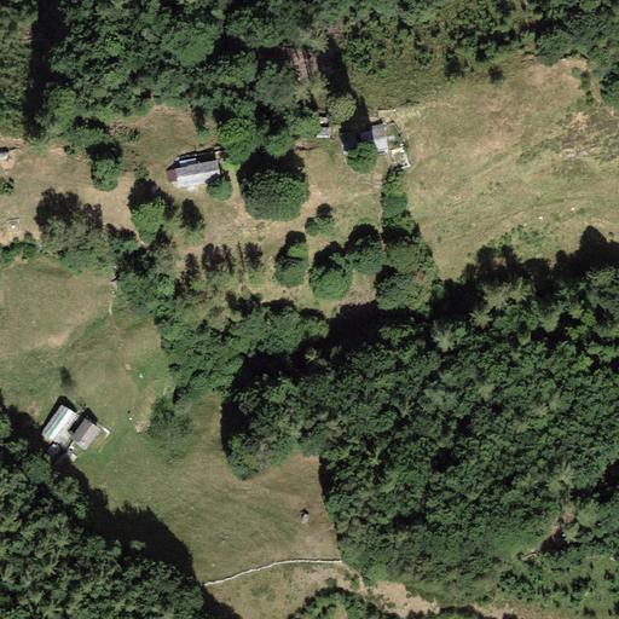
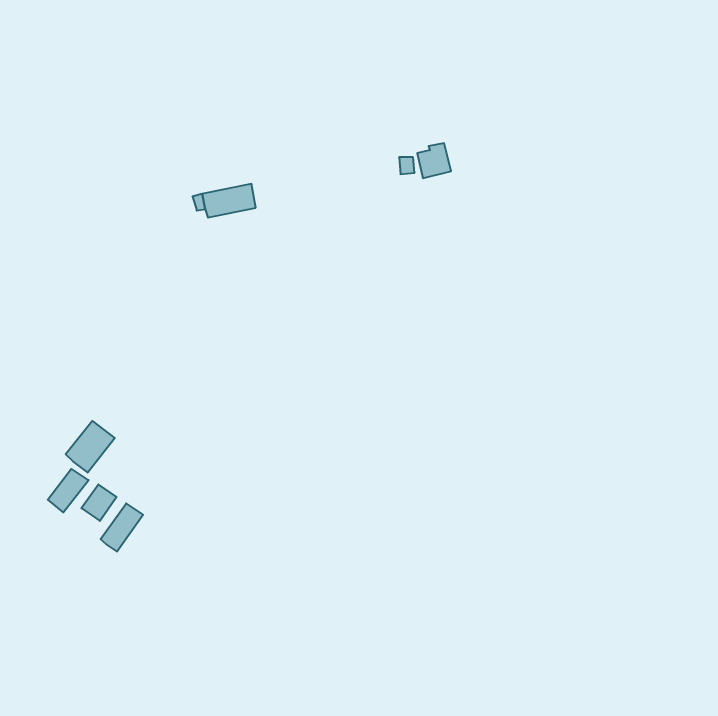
building: none -> [66,421,115,473]
building: none -> [101,503,143,552]

